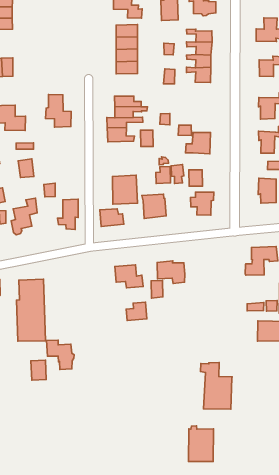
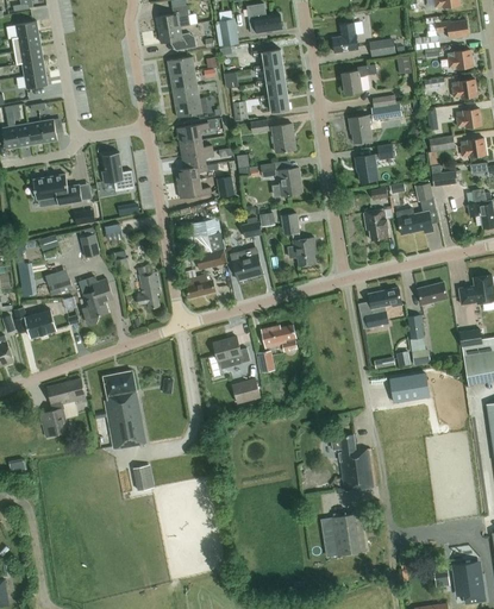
building: none -> [176,119,215,144]
building: none -> [250,120,294,152]
building: [46,340,74,369] -> none

